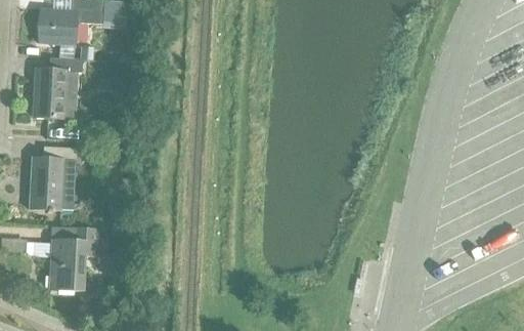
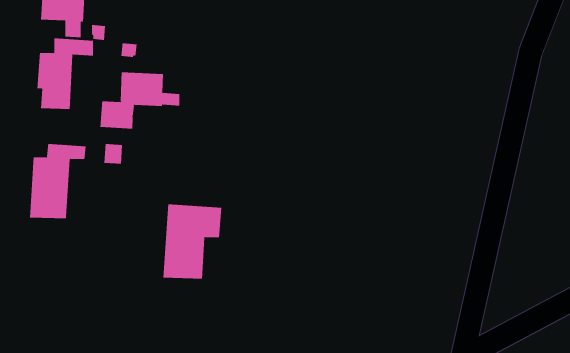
building: none -> [100,72,180,130]
building: [48,227,98,291] -> [163,204,222,279]

